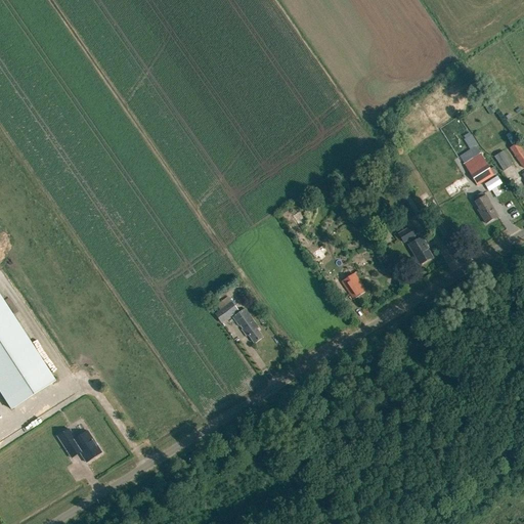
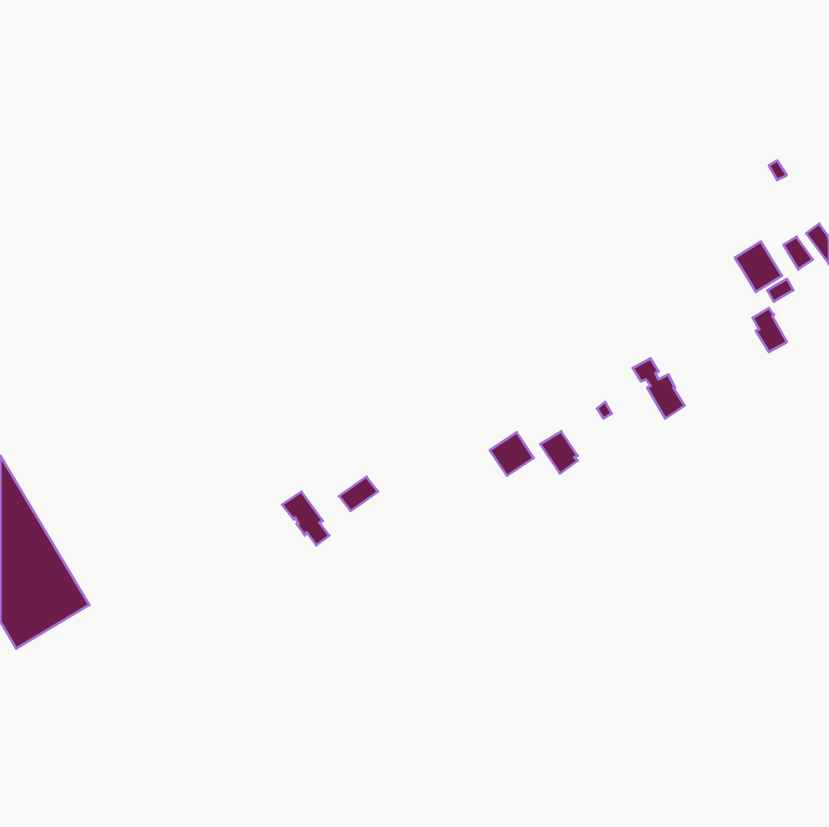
building: none -> [490,432,534,476]
building: [232,308,262,342] -> [282,492,329,545]
building: [57,429,101,462] -> none

